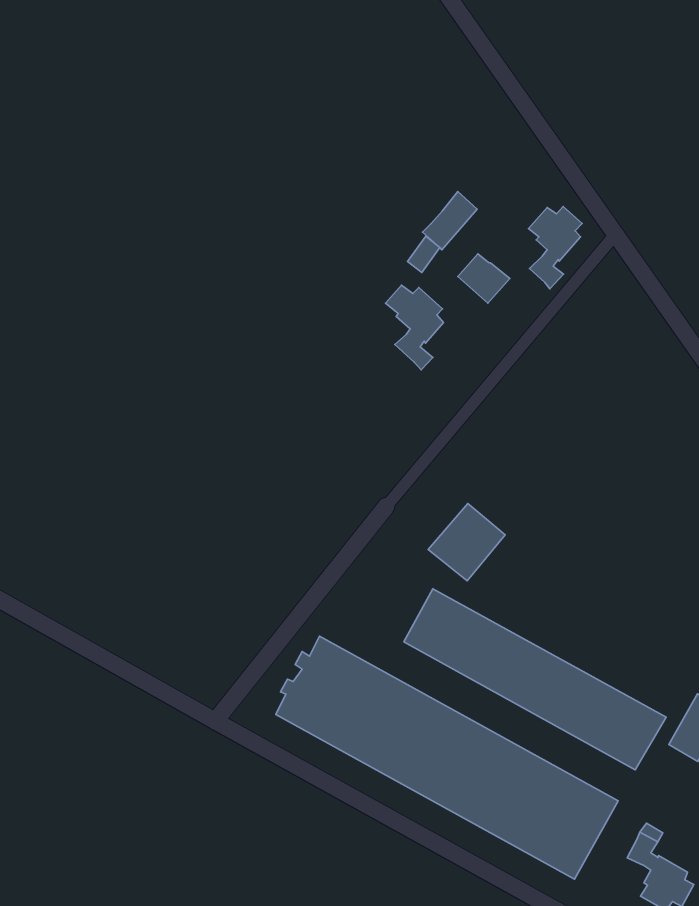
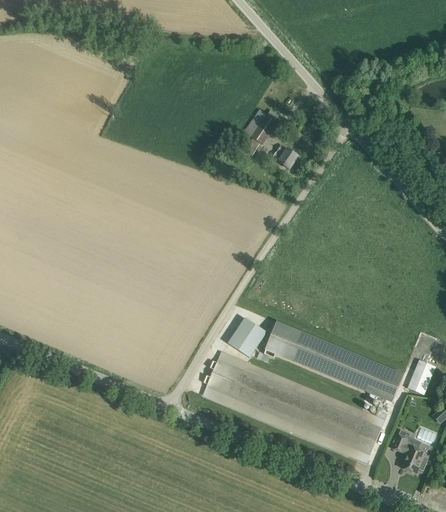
building: [528,207,582,289] -> none
building: [386,285,444,370] -> none
building: [428,504,505,581] -> [228,317,267,357]

